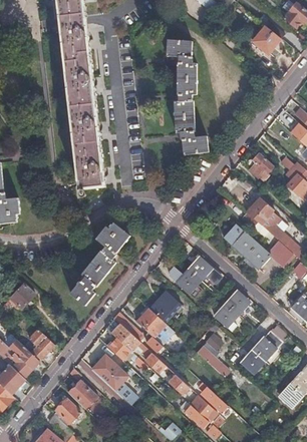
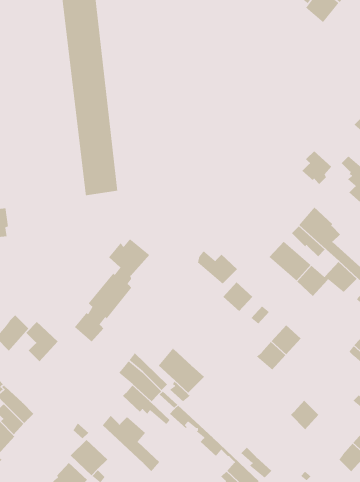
building: [166,41,209,154] -> none
building: [168,266,200,293] -> [197,250,238,284]
building: [148,292,179,323] -> none
building: [251,323,285,362] -> none
building: [27,329,53,361] -> [25,321,58,362]
building: [195,335,228,377] -> none

